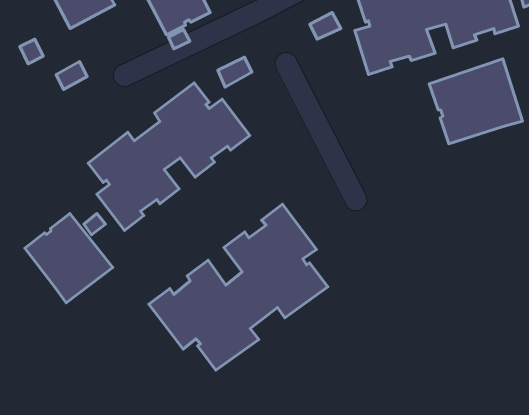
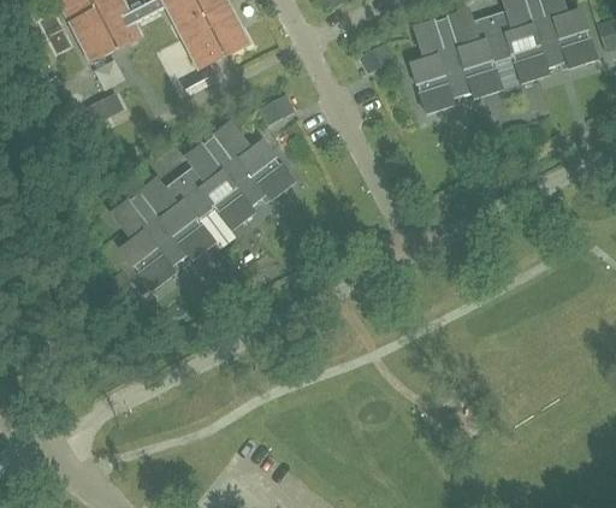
building: [429,59,522,144] -> none
building: [149,204,328,370] -> none
building: [25,213,113,303] -> none

